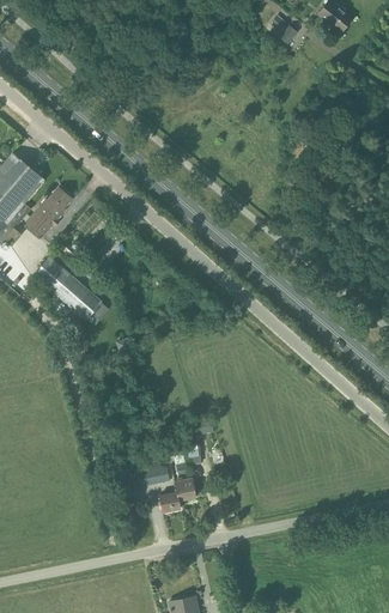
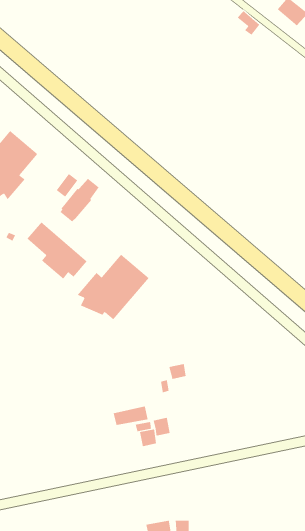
building: [28,187,73,237] -> [59,178,99,222]
building: none -> [77,254,150,320]

